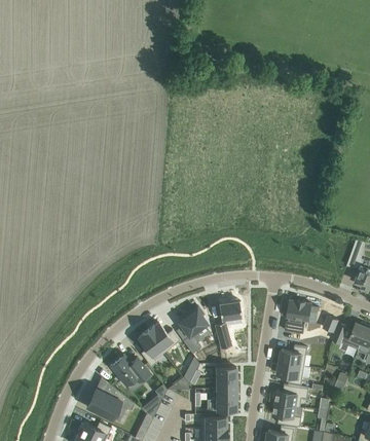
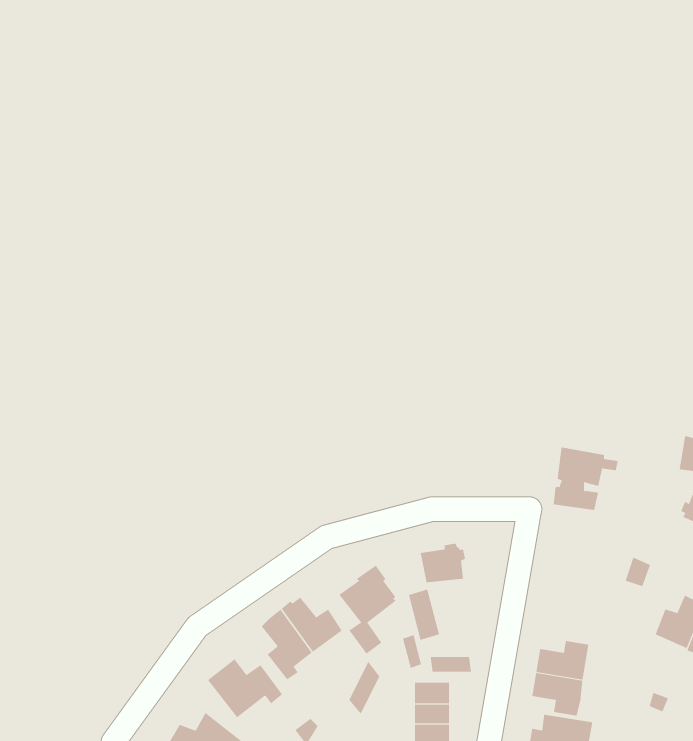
building: [286,298,320,331] -> [553,447,619,511]

